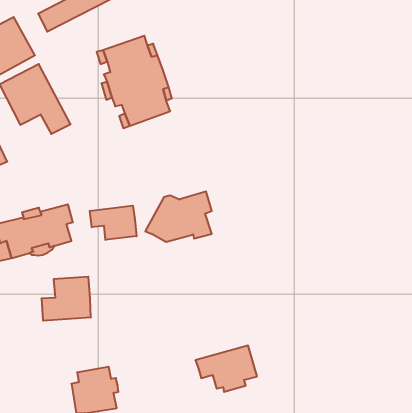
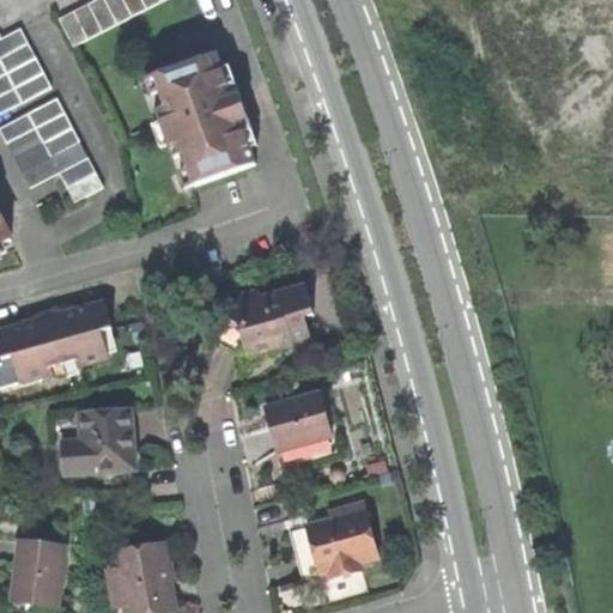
building: [90,206,137,240] -> none
building: none -> [265,390,332,449]
building: none -> [12,540,62,600]

